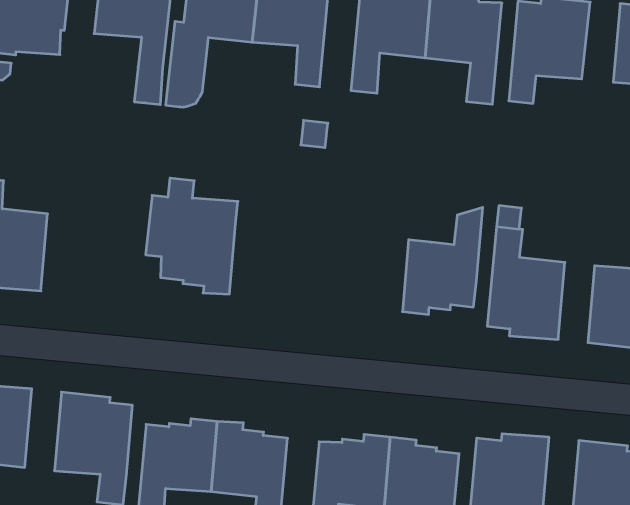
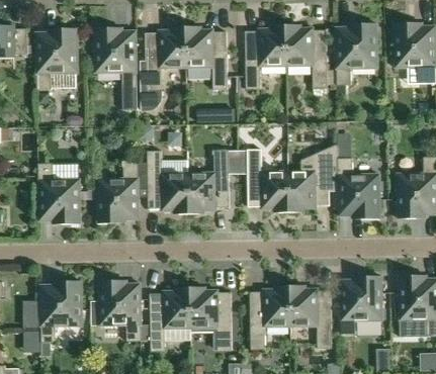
building: none -> [188,150,230,213]
building: none -> [97,162,140,223]
building: none -> [247,149,289,212]

